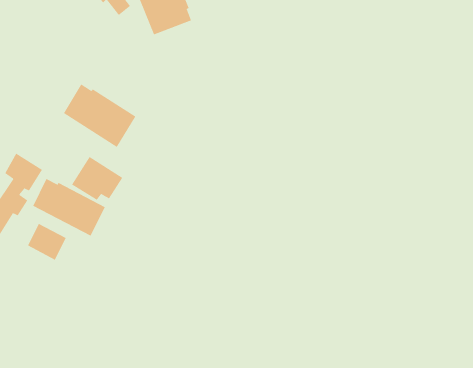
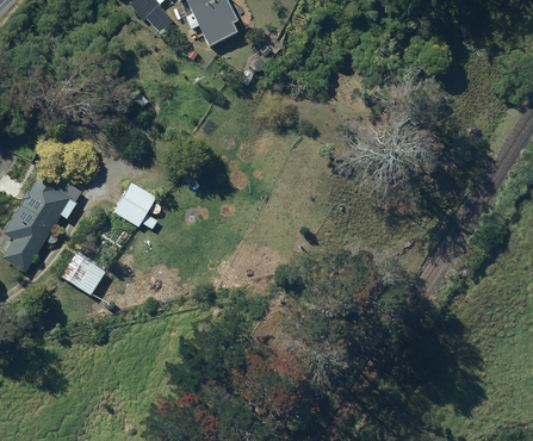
building: [63,84,136,148] -> none
building: [32,178,106,237] -> none

